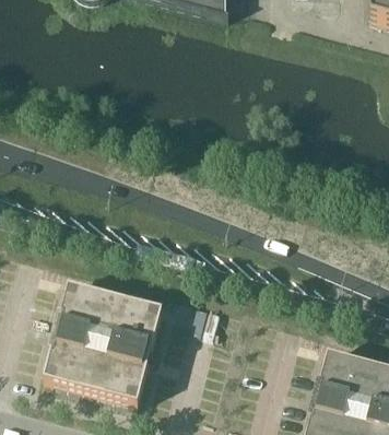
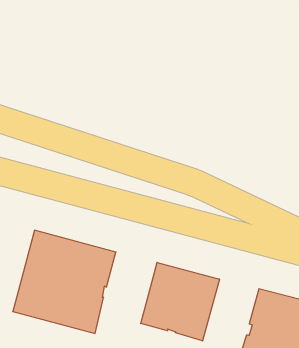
building: none -> [141,262,219,341]

